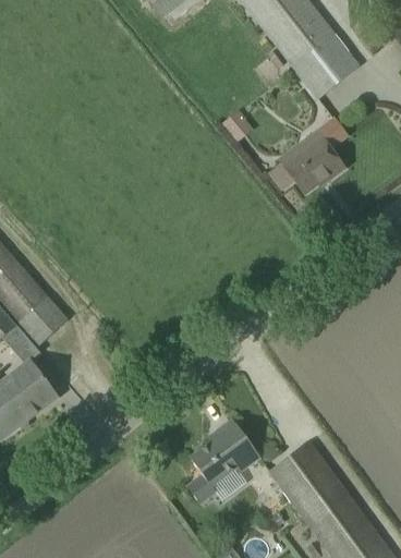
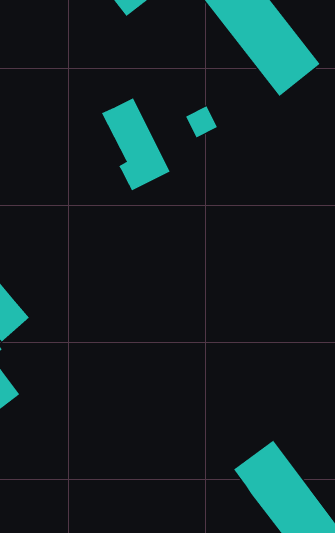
building: none -> [101,97,170,191]
building: [270,118,345,193] -> none
building: [186,418,260,504] -> none

